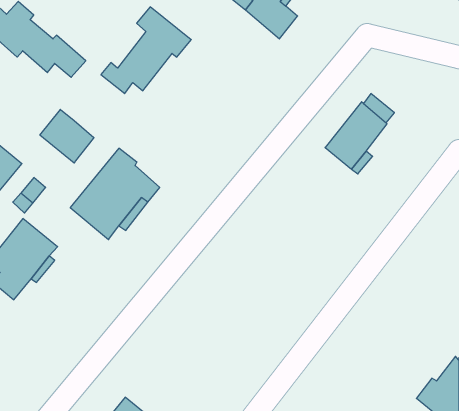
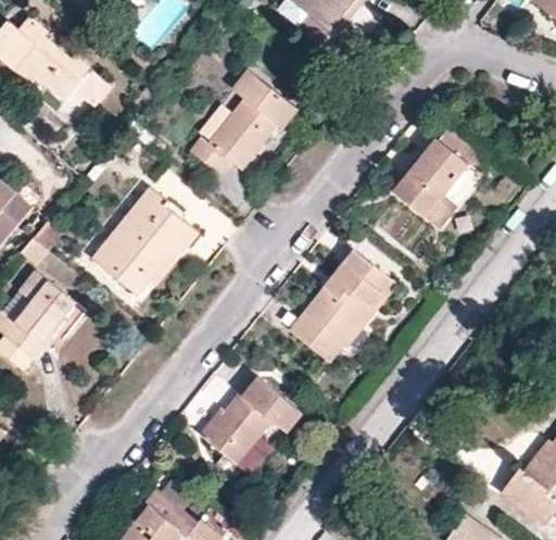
building: [101,7,191,94] -> [190,70,298,173]
building: [40,109,94,163] -> none
building: none -> [290,242,394,360]
building: none -> [205,377,300,461]

